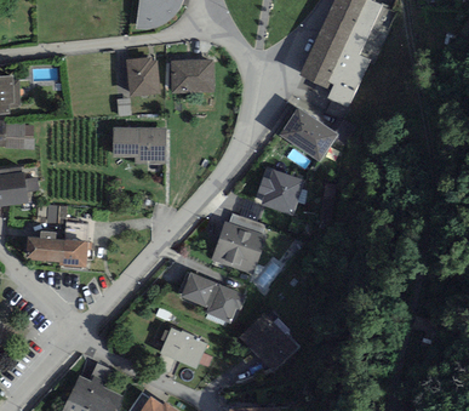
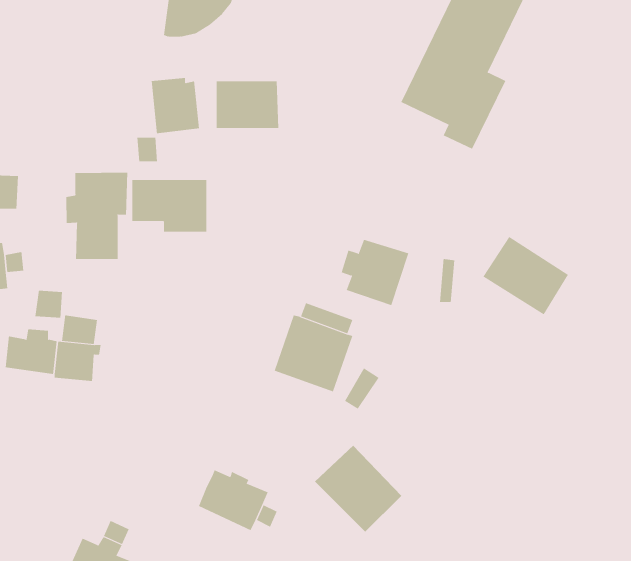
building: [279,107,338,161] -> [483,236,569,315]
building: none -> [66,172,128,260]
building: [181,272,246,324] -> none

